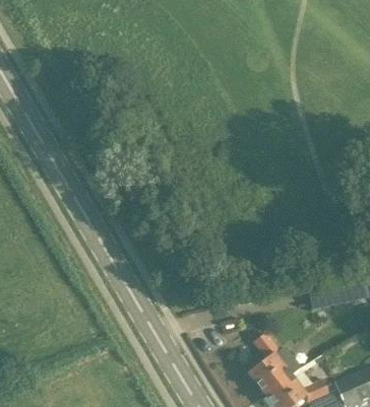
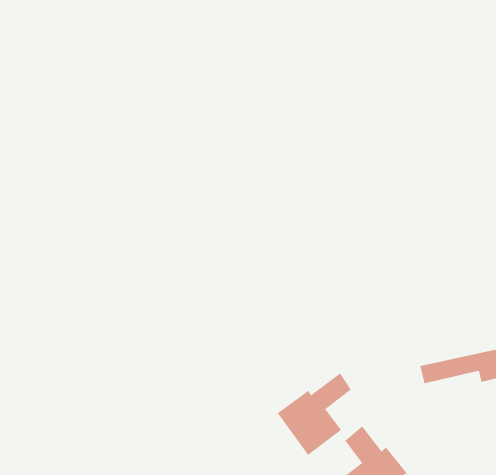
building: none -> [275,373,352,456]

